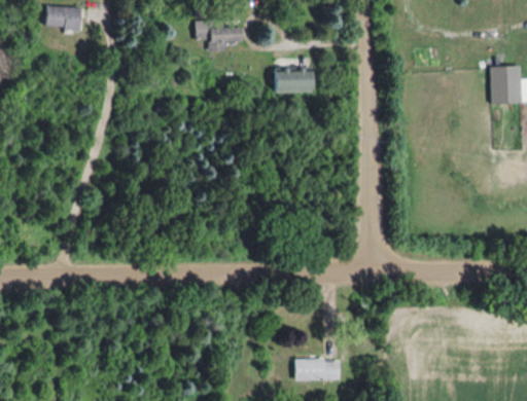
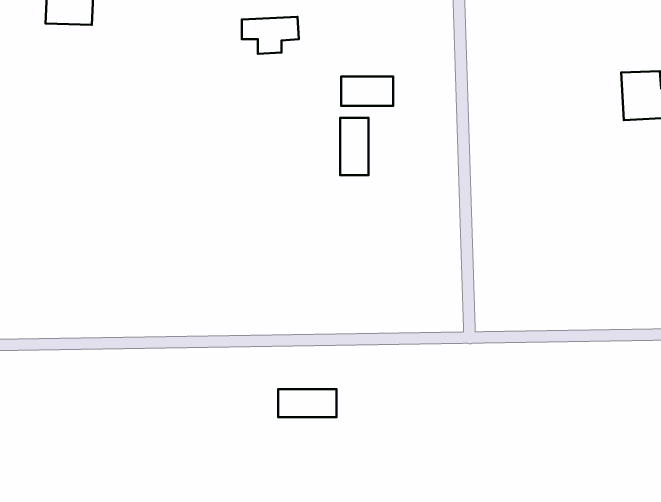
building: none -> [340,118,368,175]
building: [295,358,341,379] -> [278,389,337,417]

